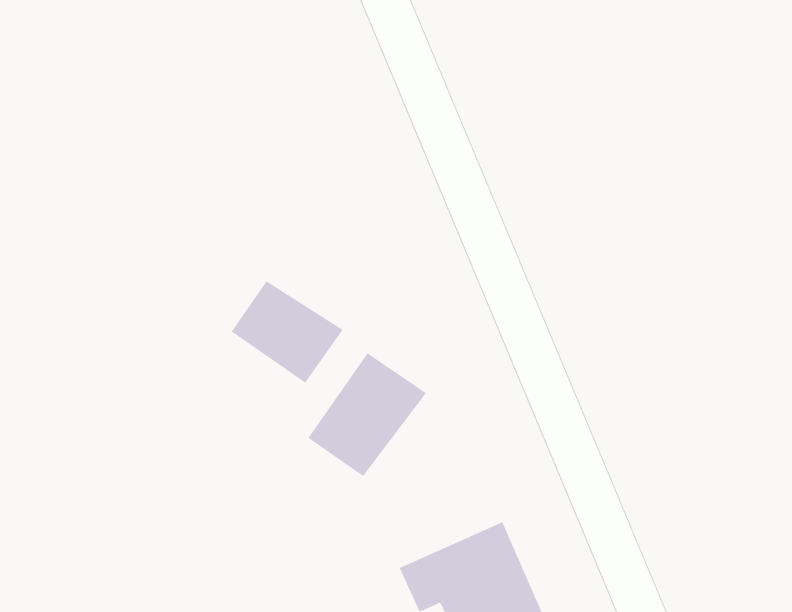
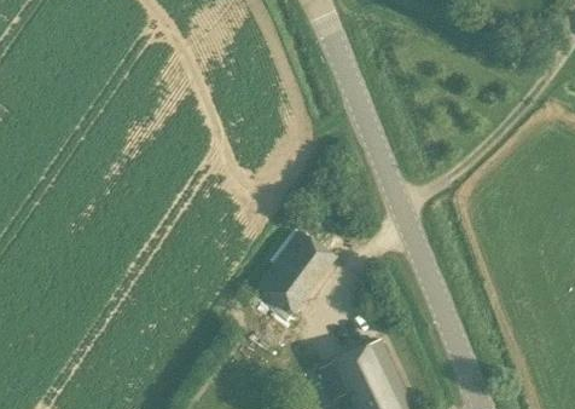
building: [231,280,344,384] -> none

